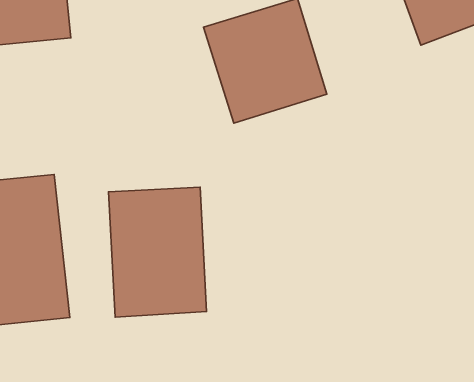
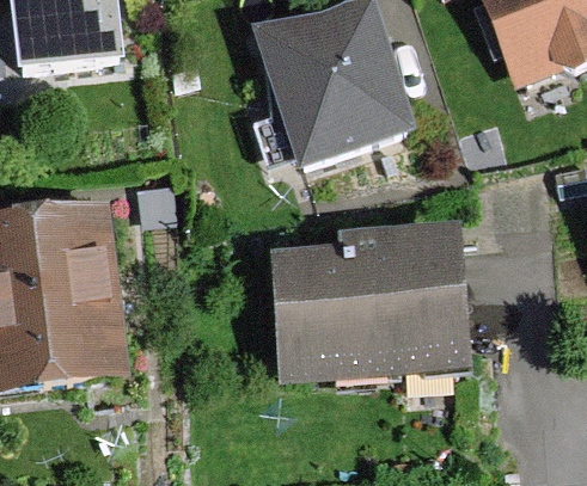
building: [108,187,207,317] -> none
building: none -> [280,257,454,375]

